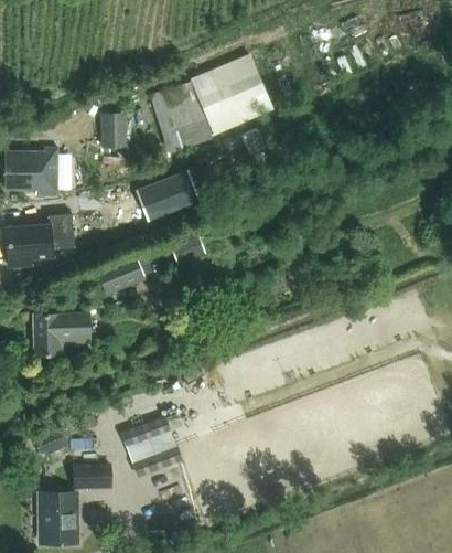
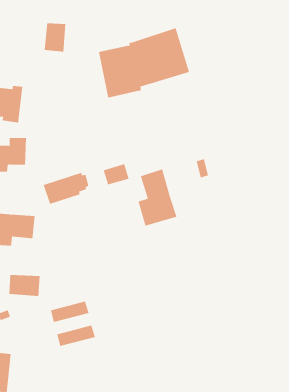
building: [101,111,128,148] -> [44,23,66,52]
building: [141,171,198,217] -> none
building: none -> [138,169,177,227]
building: [73,461,114,489] -> [9,275,40,296]

